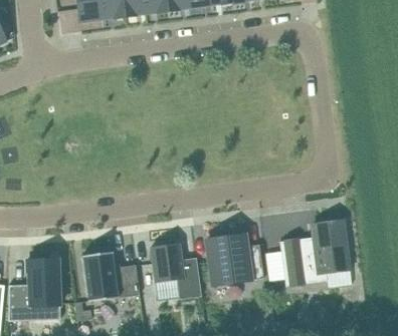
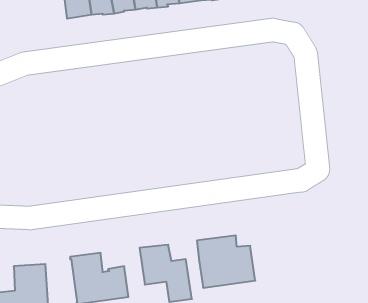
building: [279,222,349,286] -> none

